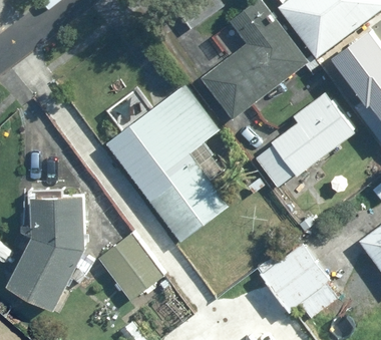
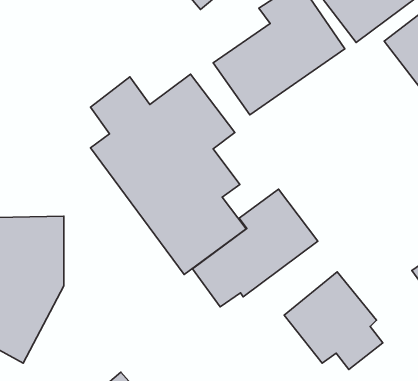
building: [255,93,354,187] -> [192,189,318,307]
building: [96,231,166,302] -> none

